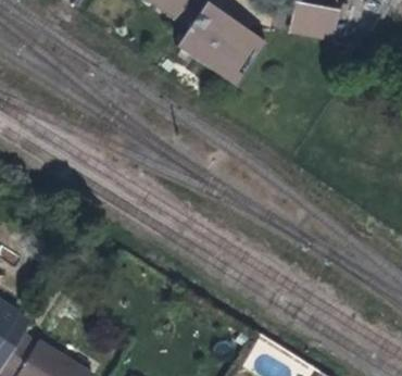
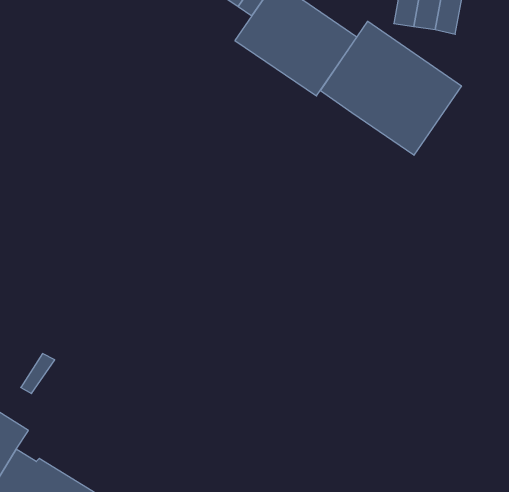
building: none -> [320,21,461,155]

